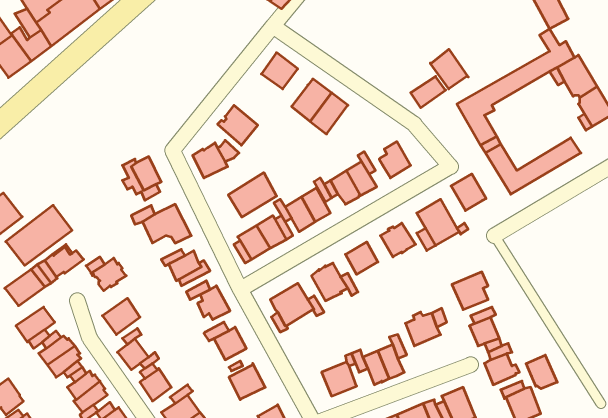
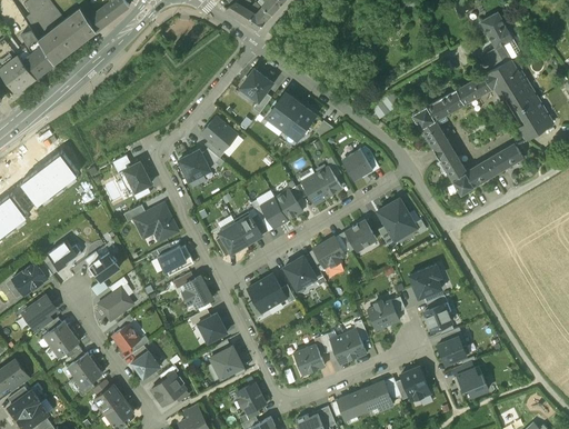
building: [430,49,468,89] -> none
building: [228,173,277,217] -> none
building: [451,174,486,211] -> none
building: [6,205,72,265] -> [20,151,79,204]
building: [526,355,557,389] -> none

